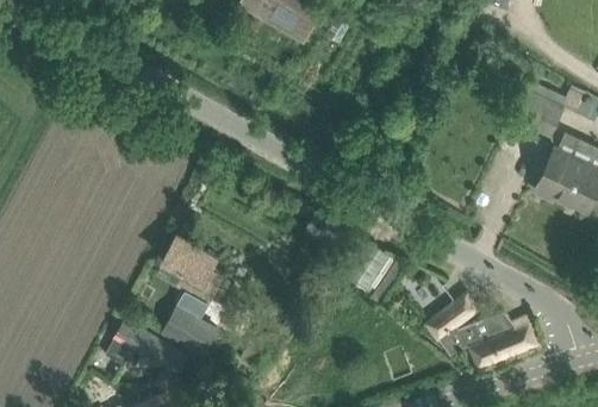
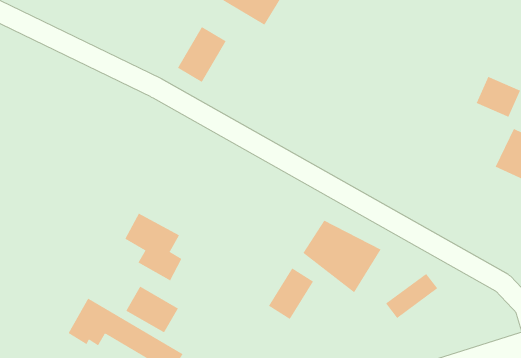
building: none -> [177,26,227,83]
building: none -> [268,268,314,320]
building: [456,311,536,368] -> none

